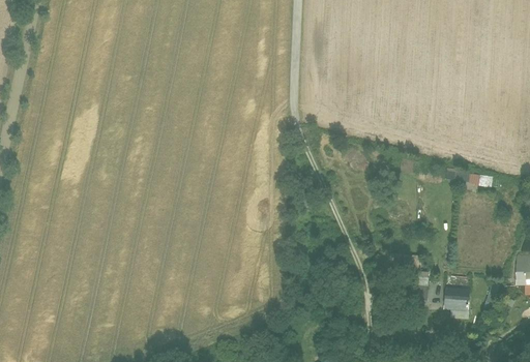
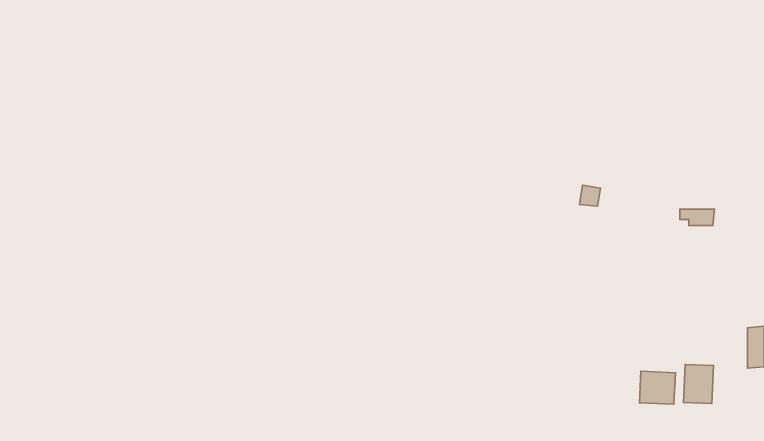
building: none -> [684,365,713,403]

